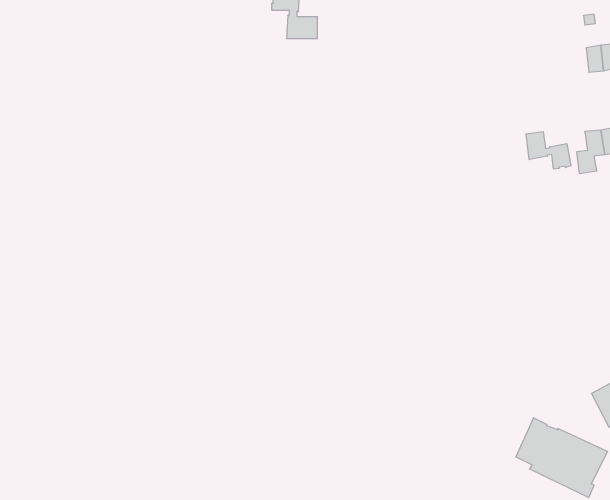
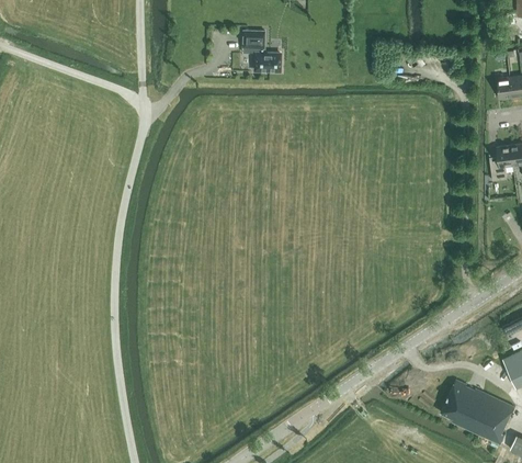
building: [526,132,571,169] -> none

